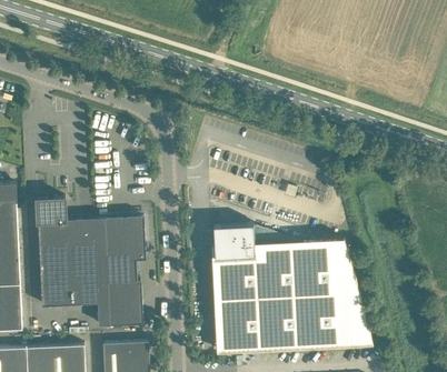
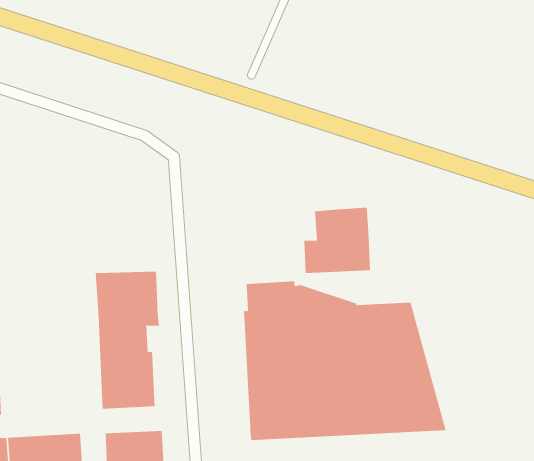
building: none -> [304,207,370,274]
building: [37,199,100,326] -> none

